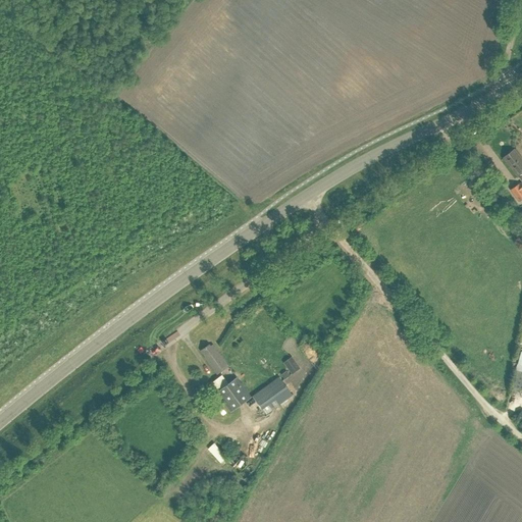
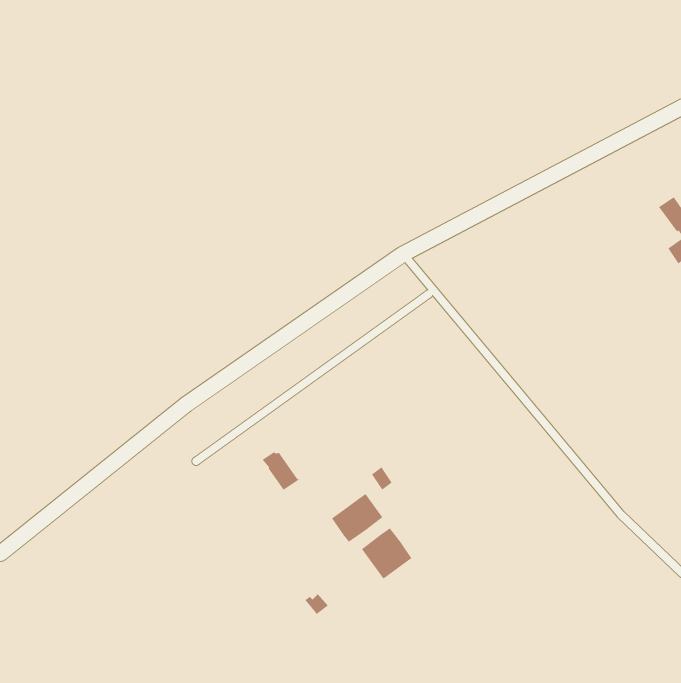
building: [216,373,252,409] -> none
building: none -> [361,528,412,580]

